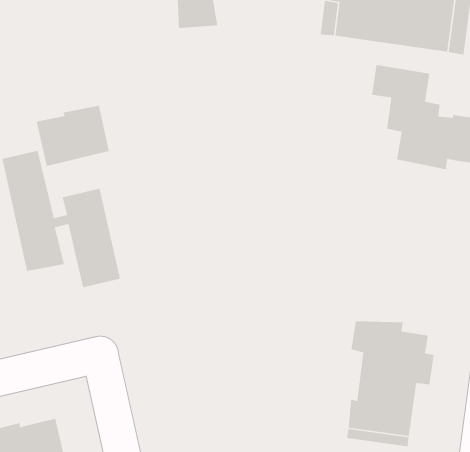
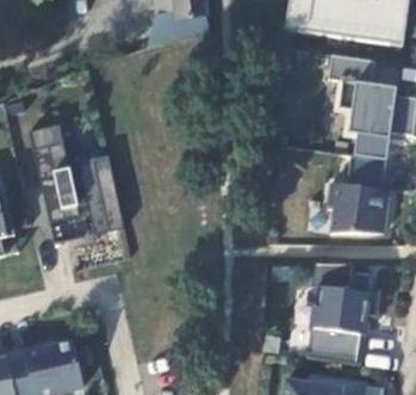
building: [36,105,110,167] -> none
building: none -> [328,155,390,233]

